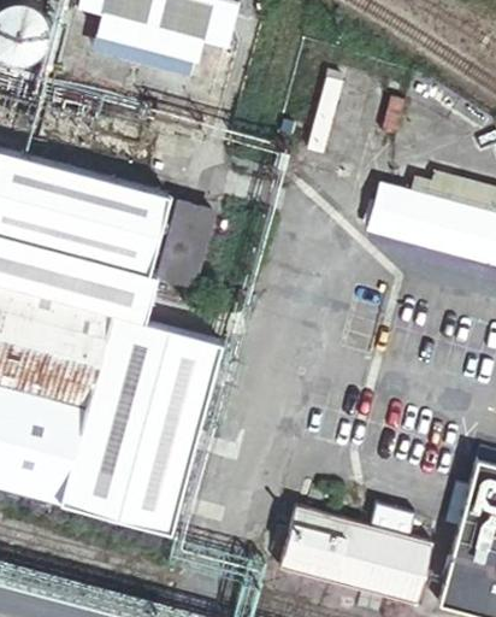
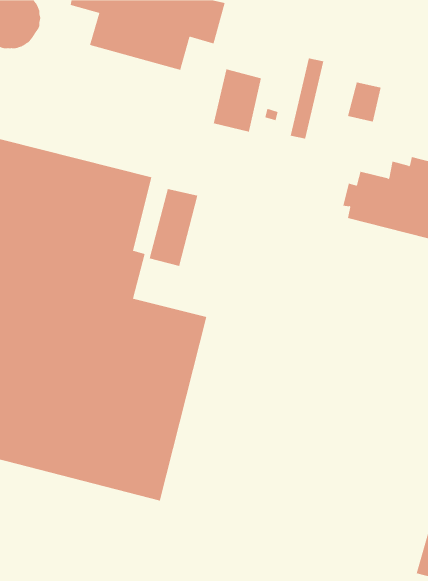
building: none -> [213,68,262,132]
building: [277,504,435,610] -> none

